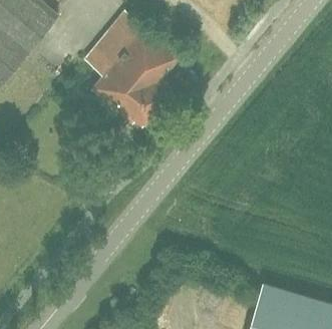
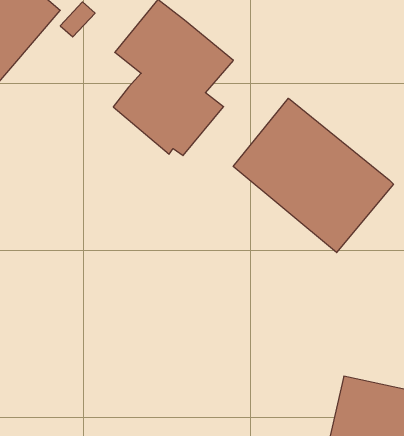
building: none -> [233,98,393,253]

